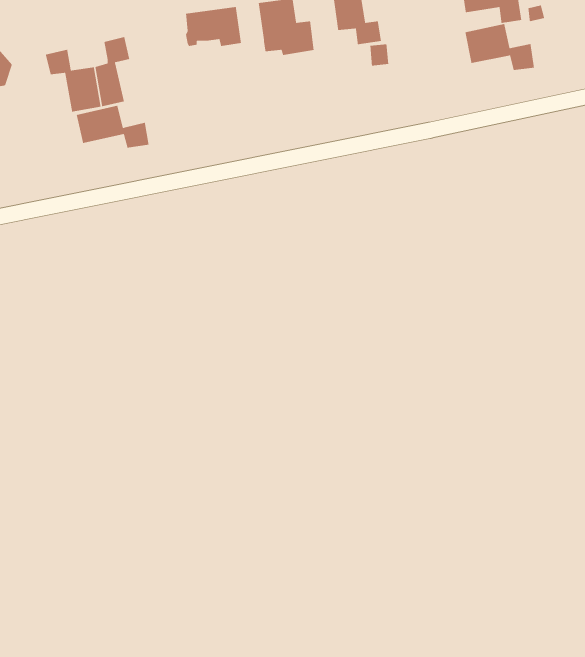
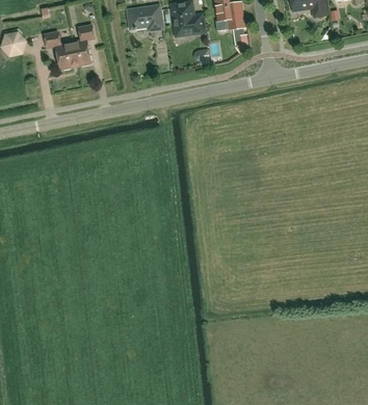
building: [464,23,535,71] -> none
building: [76,105,150,149] -> none

